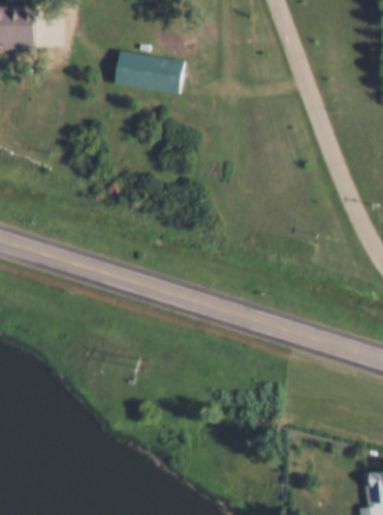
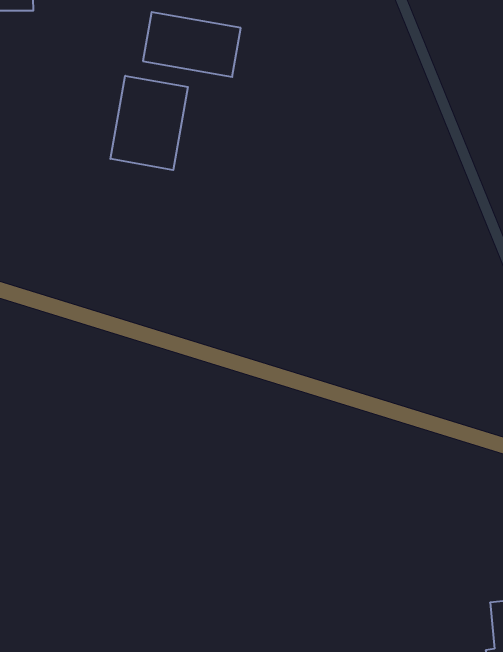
building: none -> [110,76,188,170]

